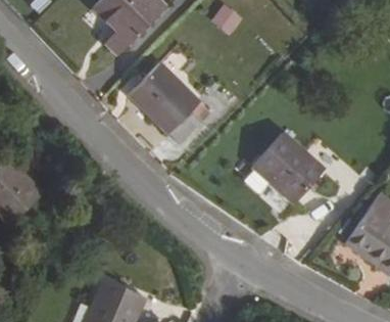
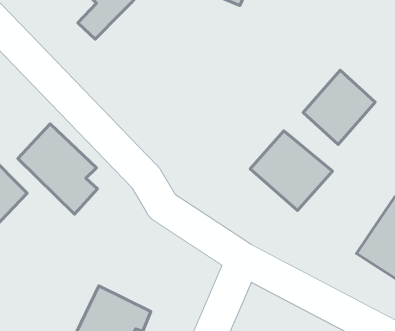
building: [125,65,195,145] -> [18,124,98,214]
building: none -> [303,70,375,144]

